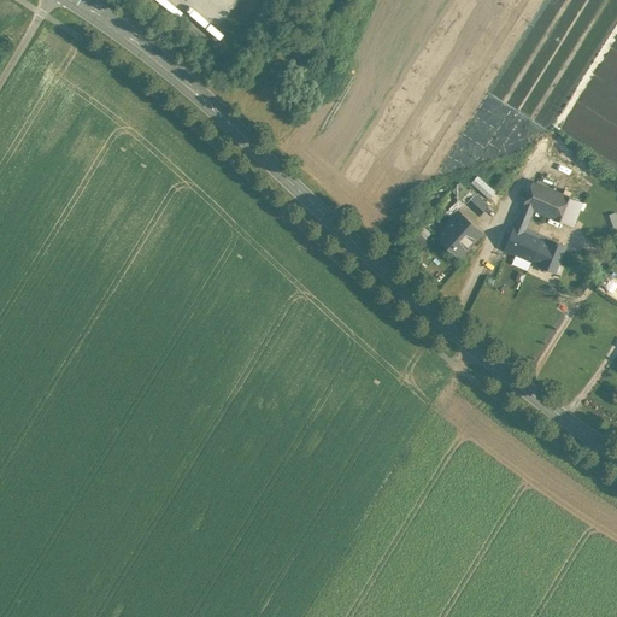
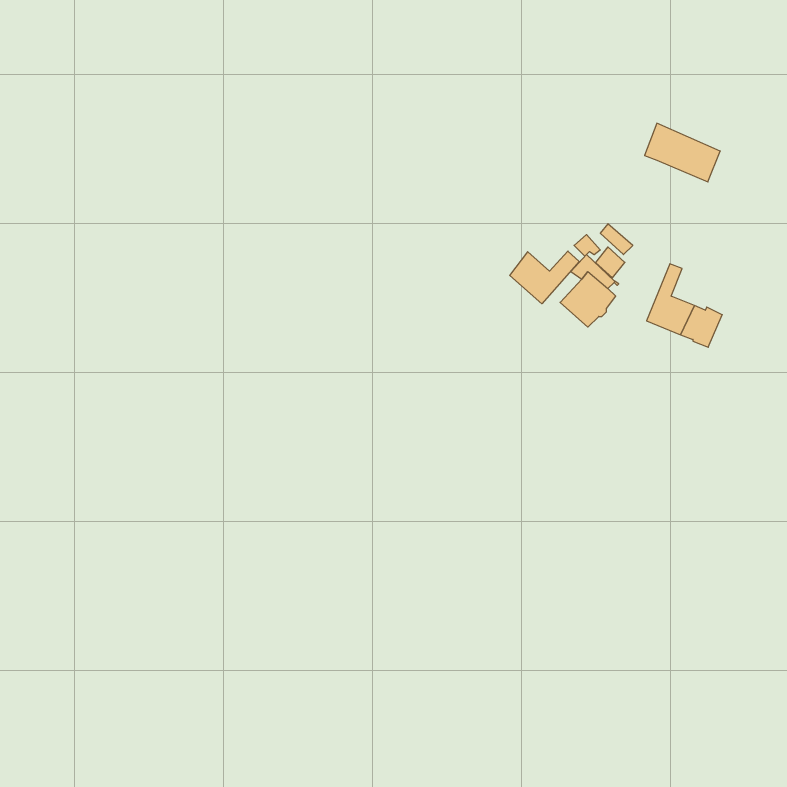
building: [524,182,583,228] -> [645,123,720,182]
building: none -> [510,251,579,304]

